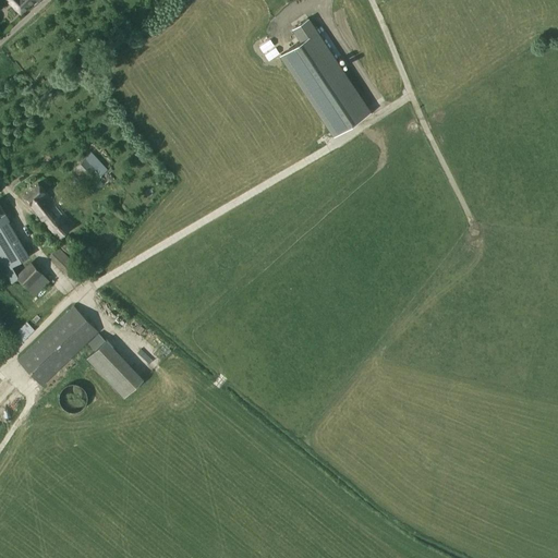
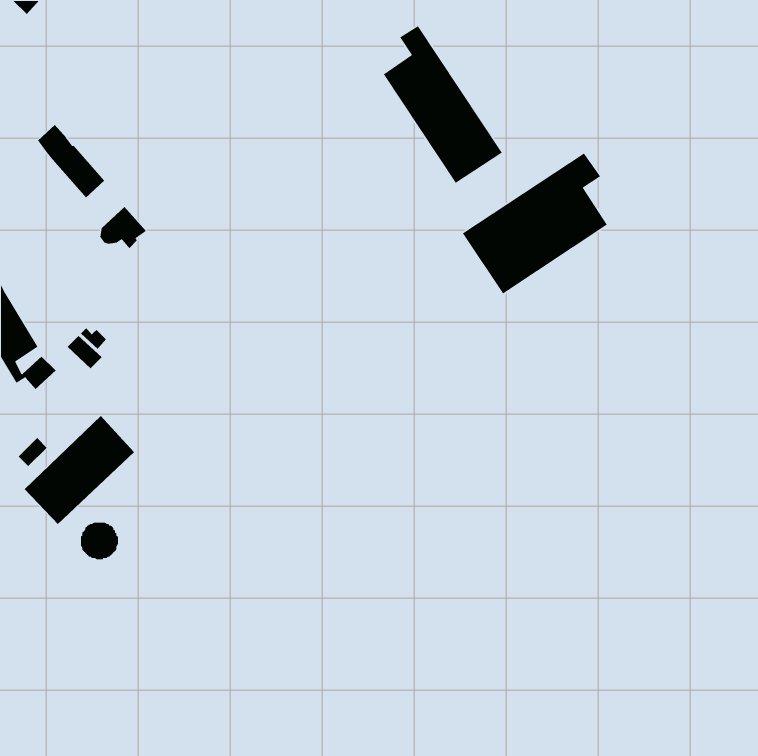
building: none -> [462,152,608,294]
building: [24,184,74,239] -> [37,124,105,198]
building: [86,340,144,399] -> none

